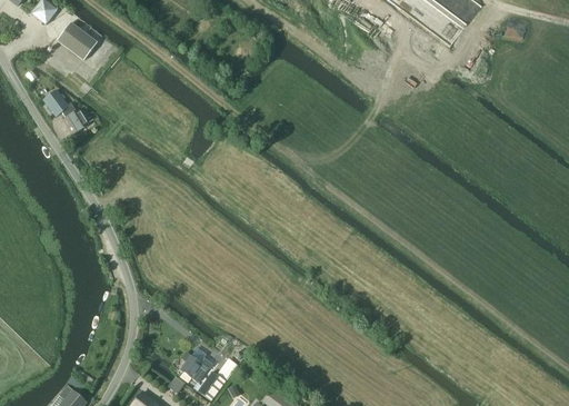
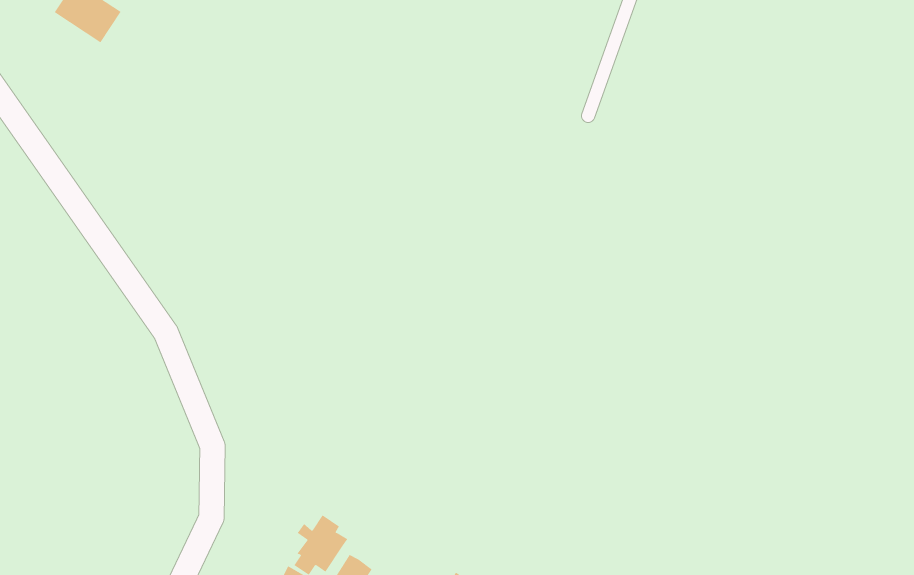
building: [44,89,87,132] -> none

